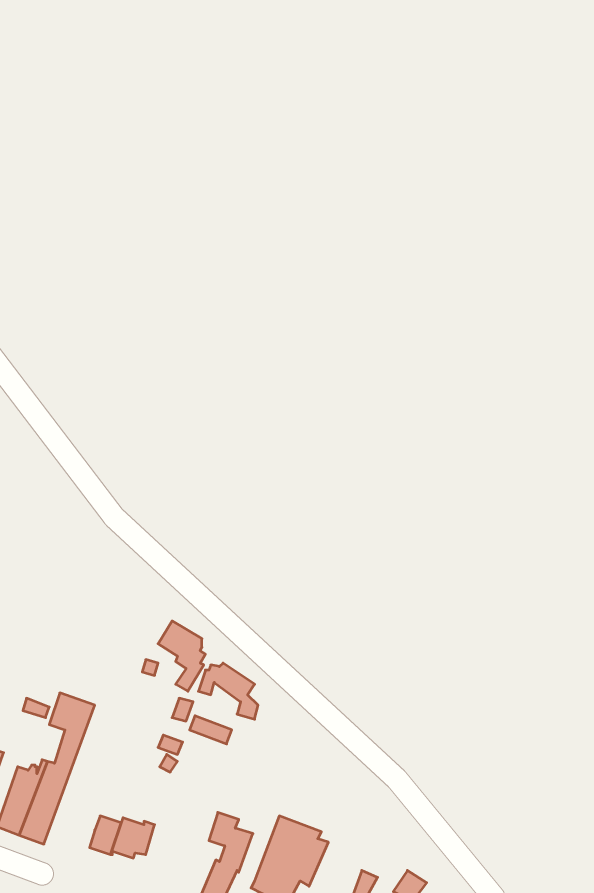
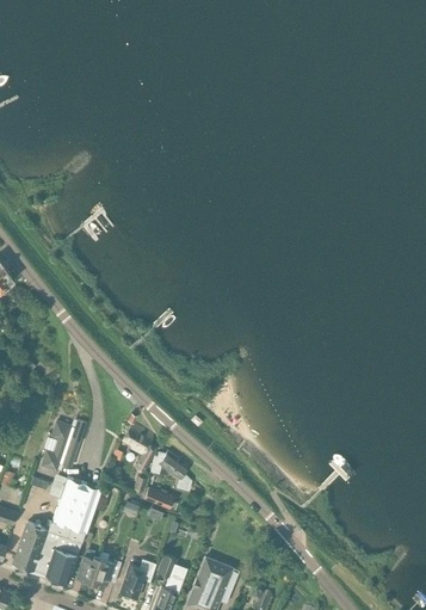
building: none -> [41,421,85,472]
building: none -> [44,482,100,584]
building: none -> [118,561,155,600]

